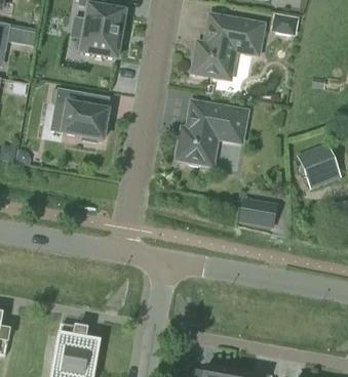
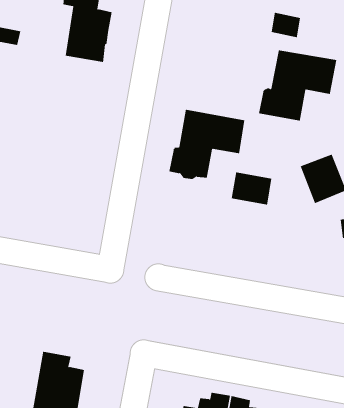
building: [191,14,264,80] -> [258,50,337,121]
building: [54,88,107,142] -> none
building: [238,198,276,228] -> [231,172,272,205]

